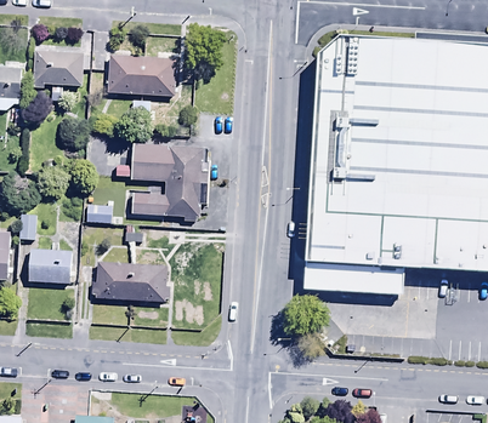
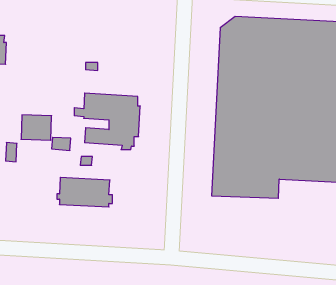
building: [104,52,174,93] -> none
building: [33,55,84,92] -> none
building: [28,245,70,280] -> [21,115,52,140]

